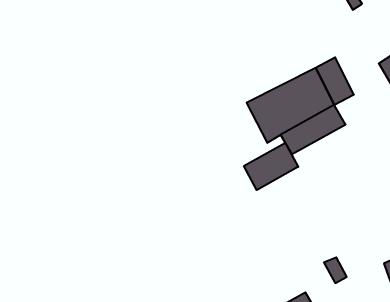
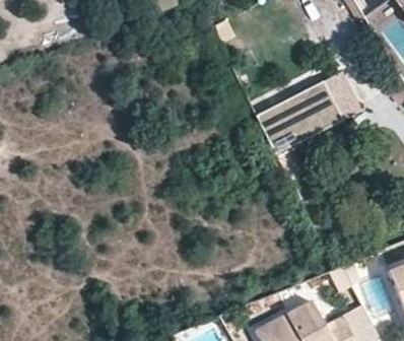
building: [244,143,298,190] -> none

